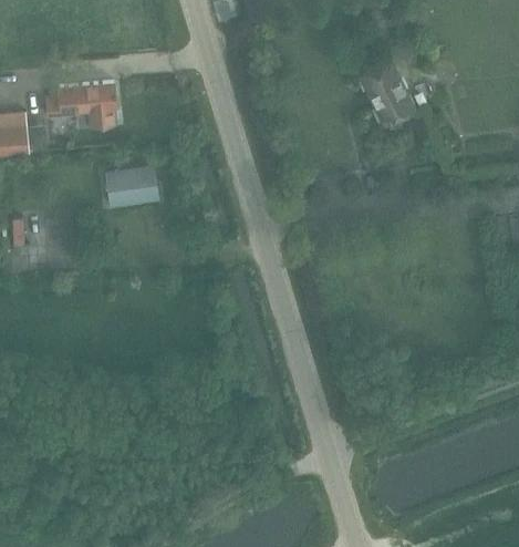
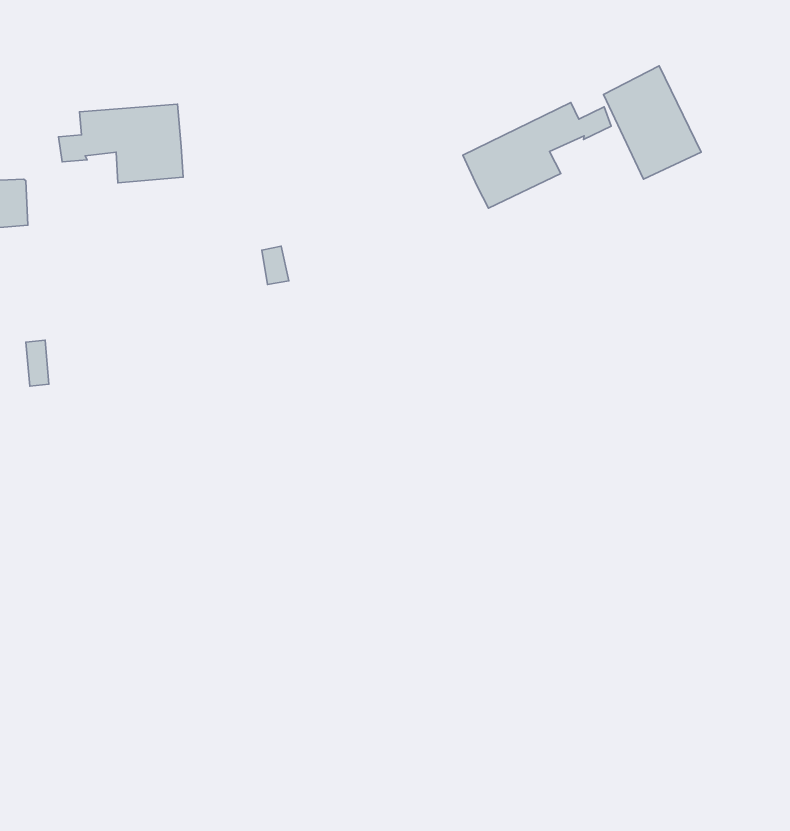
building: none -> [463,102,611,208]
building: [105,167,157,207] -> none

